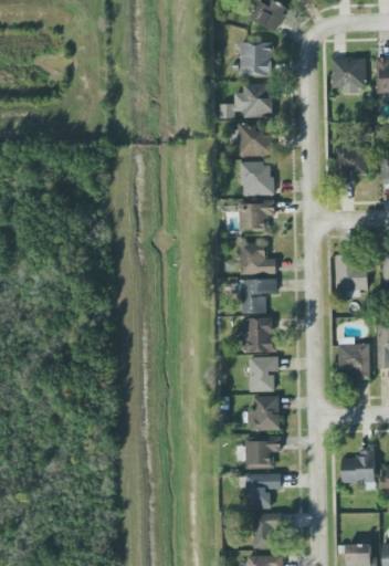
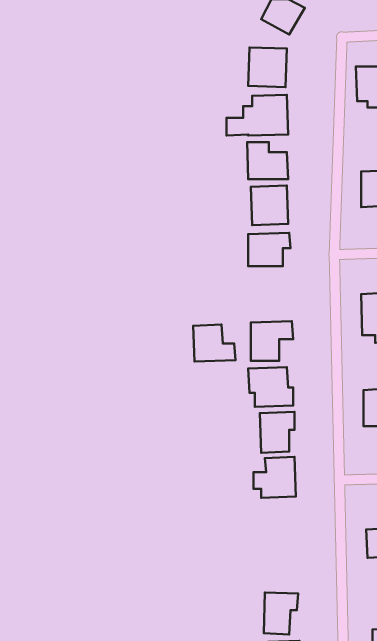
building: [240,242,276,274] -> [193,324,236,361]
building: [236,437,281,469] -> none
building: [245,473,281,510] -> none

